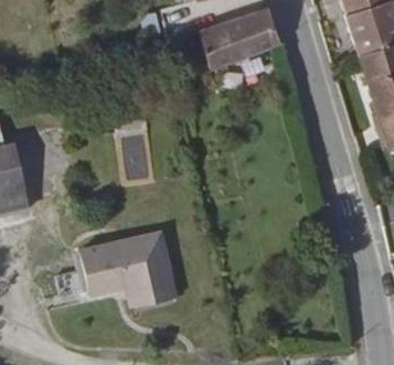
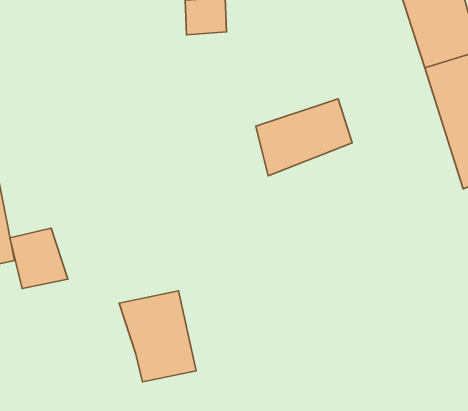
building: [203,9,280,71] -> [256,99,352,176]
building: [79,245,126,293] -> [10,228,68,289]

